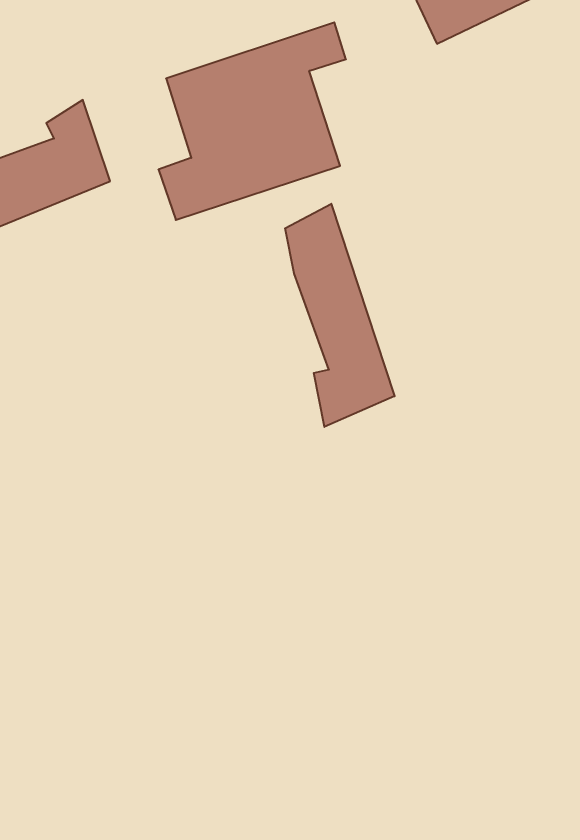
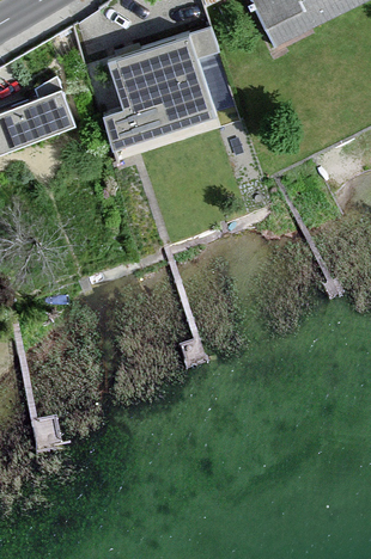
building: [285,204,395,427] -> none

